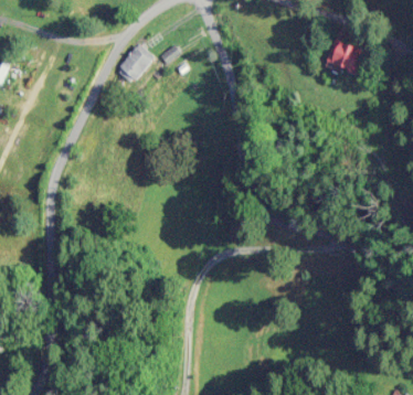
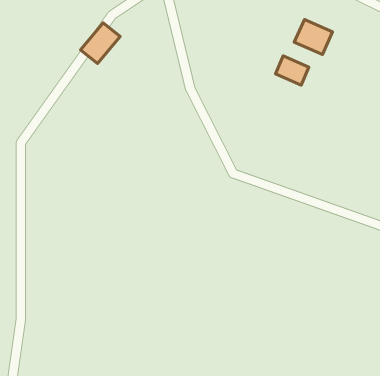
building: none -> [276,56,309,85]

